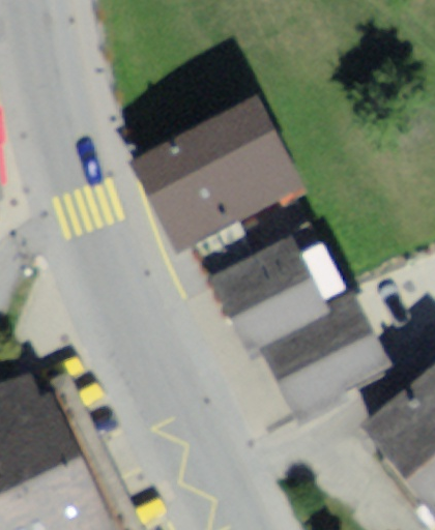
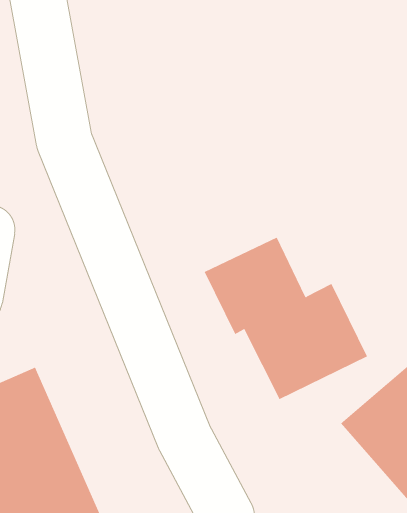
building: [134,97,303,248] -> none

